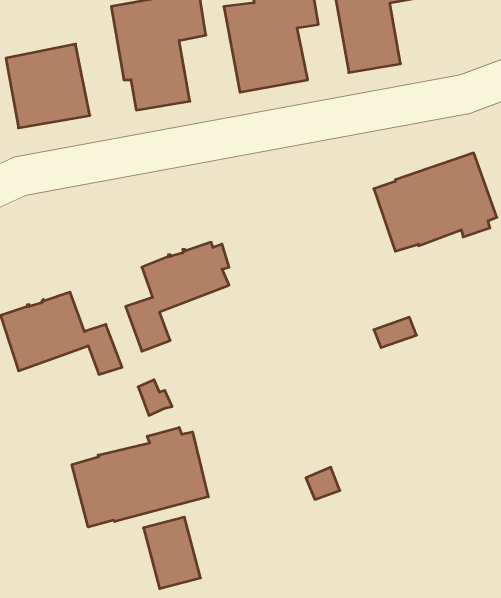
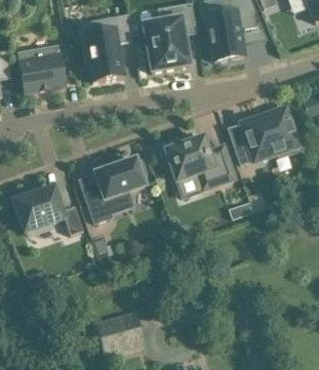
building: none -> [165,136,235,189]
building: [72,427,208,527] -> none

